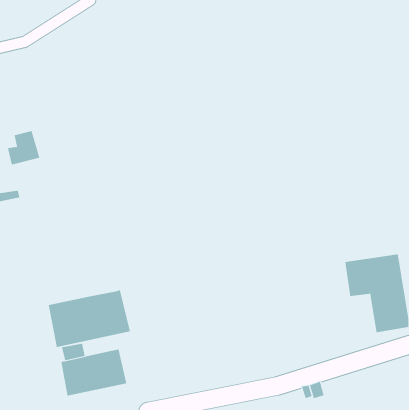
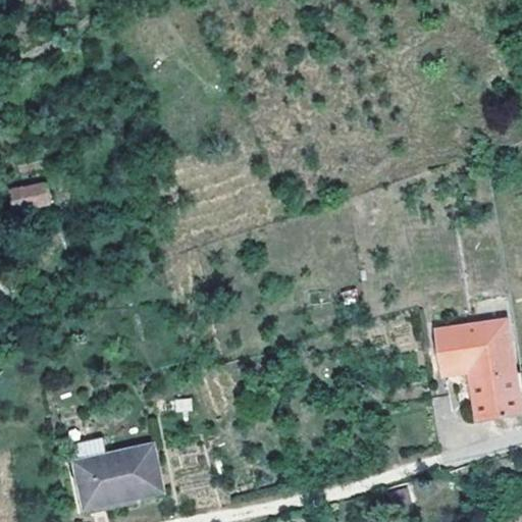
building: [48,290,130,348] -> none

